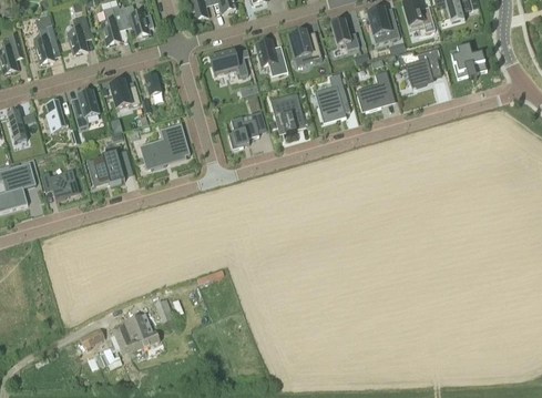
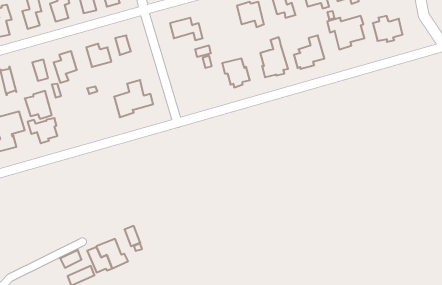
building: [255,40,288,75] -> none
building: [228,111,264,149] -> none
building: [92,151,124,184] -> [25,91,52,119]

